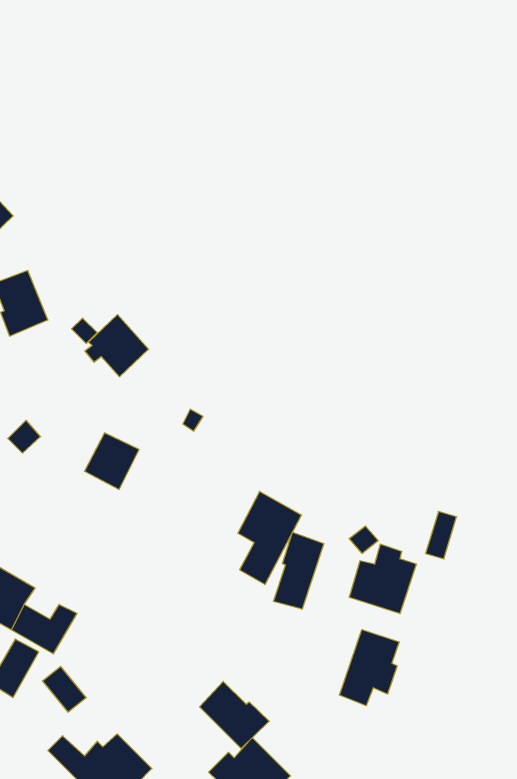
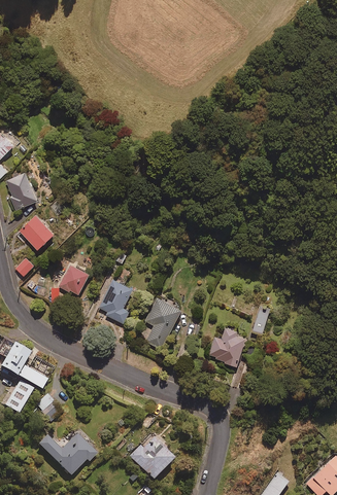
building: [85,315,149,377] -> [18,215,54,250]
building: none -> [99,280,133,323]
building: [273,532,324,609] -> none
building: [339,630,399,706] -> none
building: [200,681,269,748] -> none

